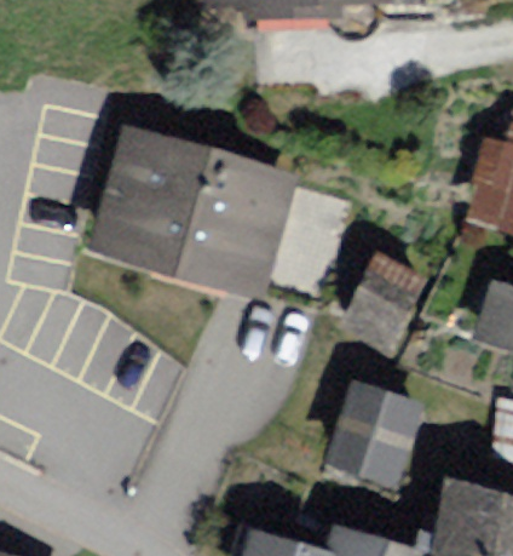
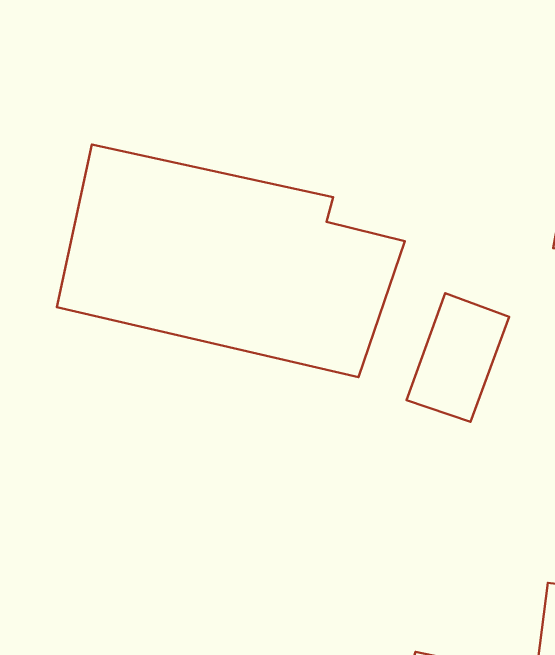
building: [317,377,432,505] -> none

